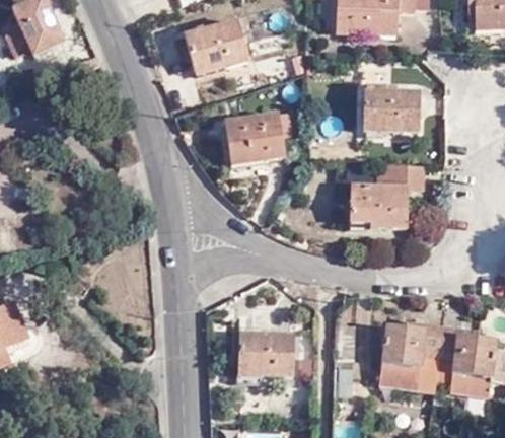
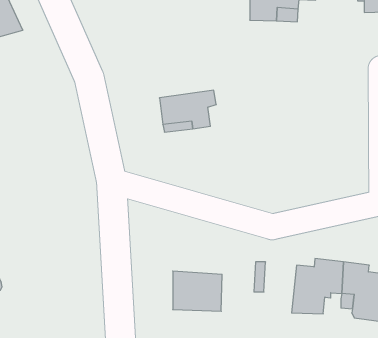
building: [191,14,252,67] -> none
building: [354,82,416,131] -> none
building: [343,167,420,229] -> none

